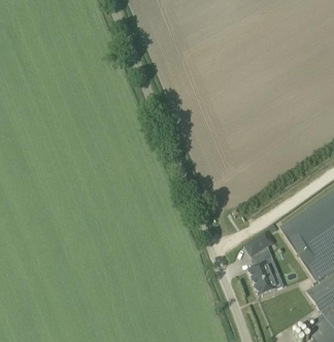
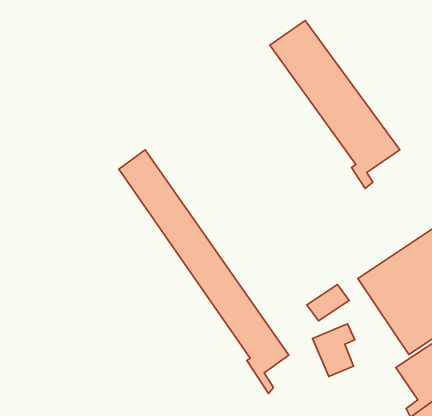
building: none -> [270,21,400,189]
building: none -> [119,150,289,393]

